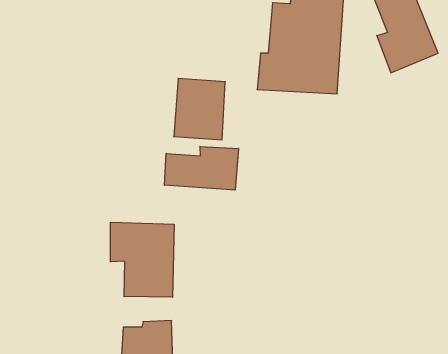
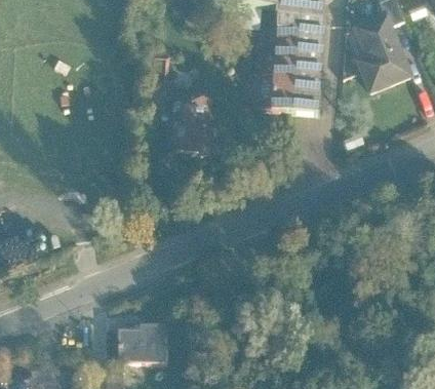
building: [164,146,239,190] -> none
building: [110,222,174,297] -> none

